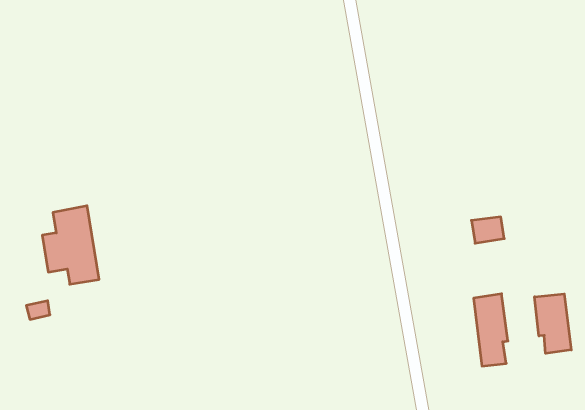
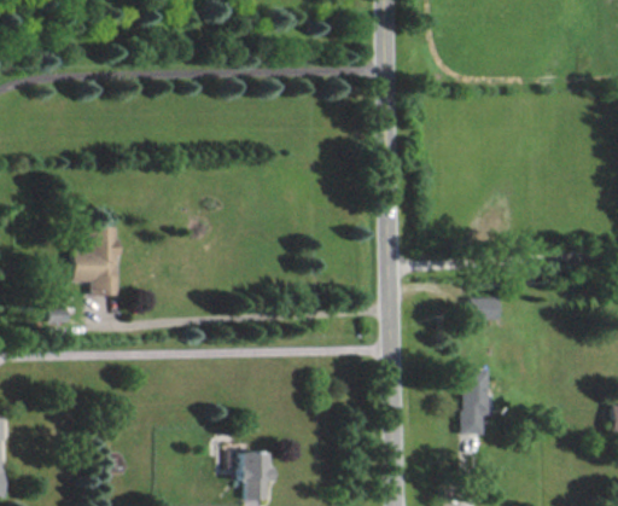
building: [535,294,571,353] -> none

